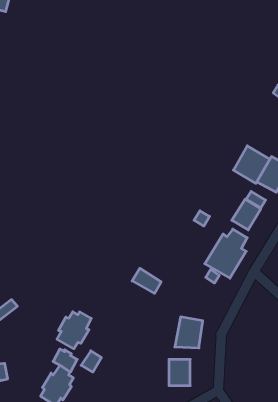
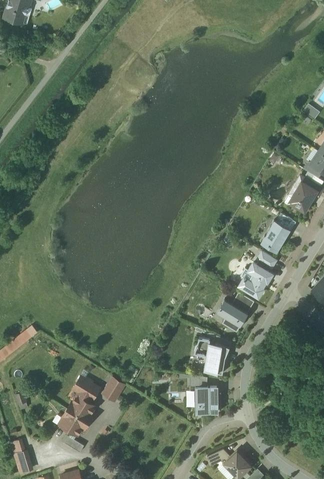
building: [233,146,270,183] -> none
building: [132,268,161,293] -> [216,300,246,326]
building: [57,312,91,349] -> none

